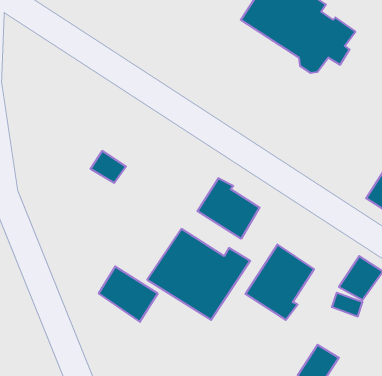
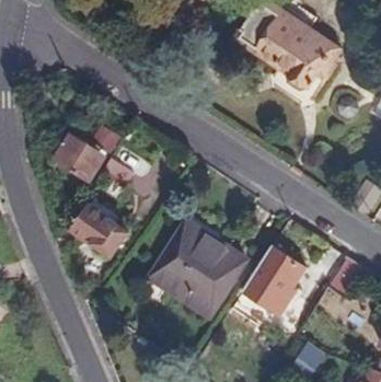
building: none -> [53,135,100,182]
building: [198,178,260,239] -> none
building: [99,266,158,322] -> [71,207,126,258]

